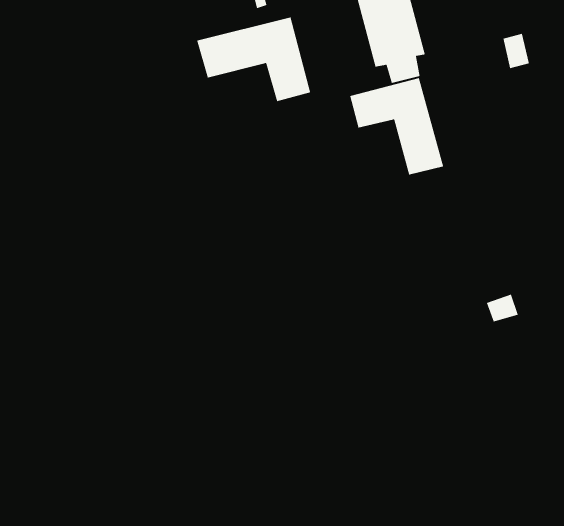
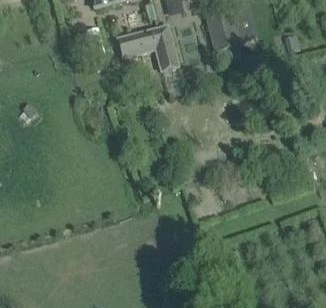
building: [349,77,444,175] -> none

